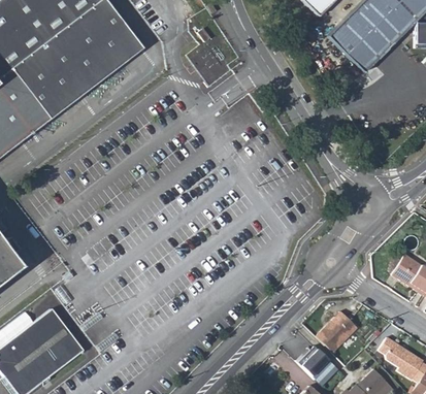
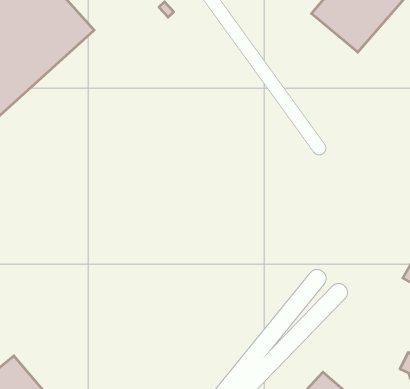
building: [317,310,358,353] -> none

